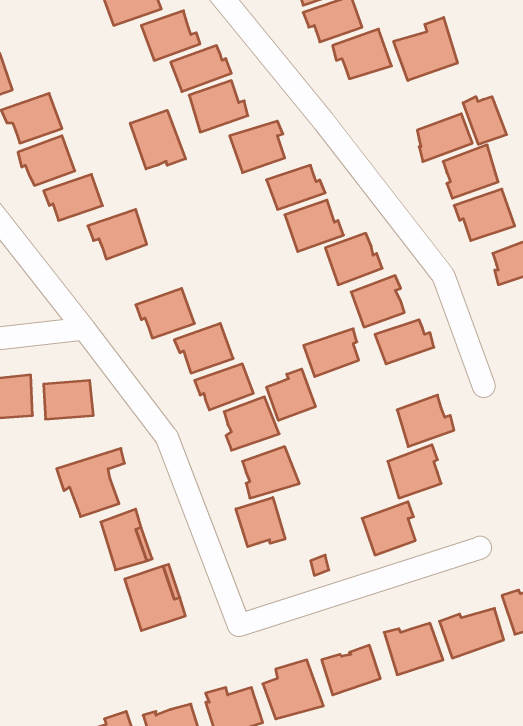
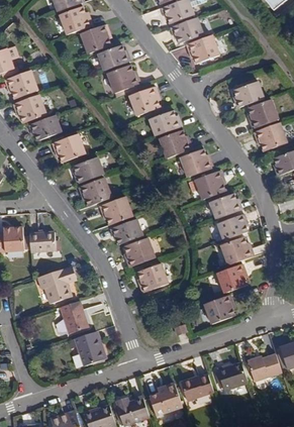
building: [394,17,457,81] -> none
building: [463,97,507,144] -> none
building: [130,110,186,169] -> none
building: none -> [74,158,104,183]
building: [304,329,359,377] -> [217,214,248,240]
building: [267,369,315,420] -> none
building: [236,497,285,547] -> none

